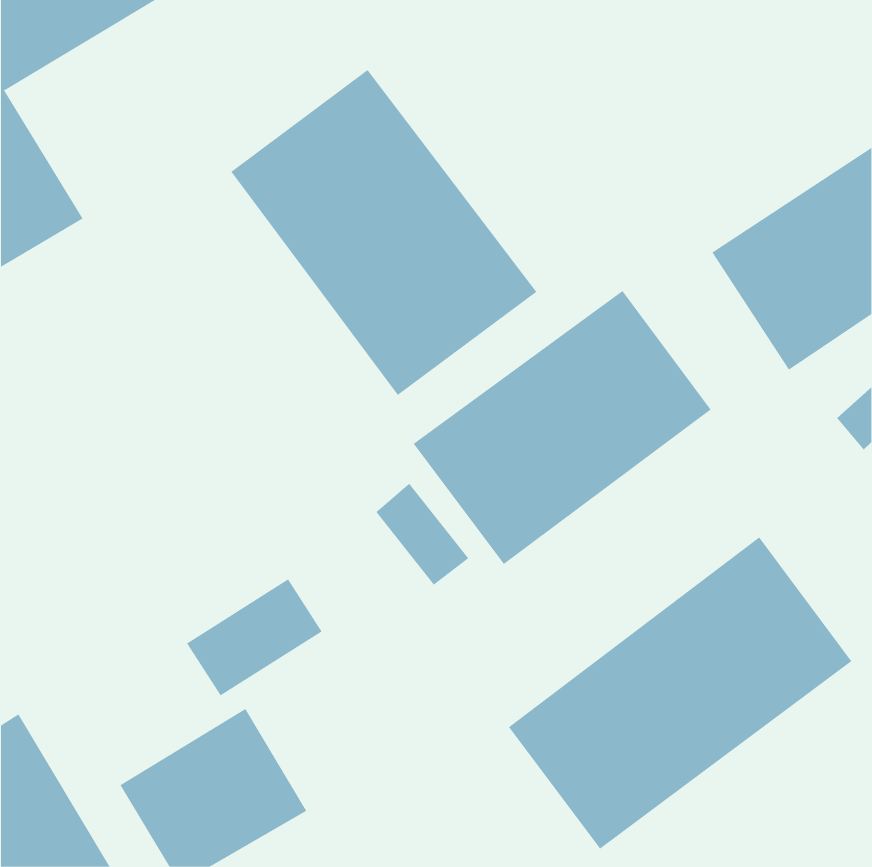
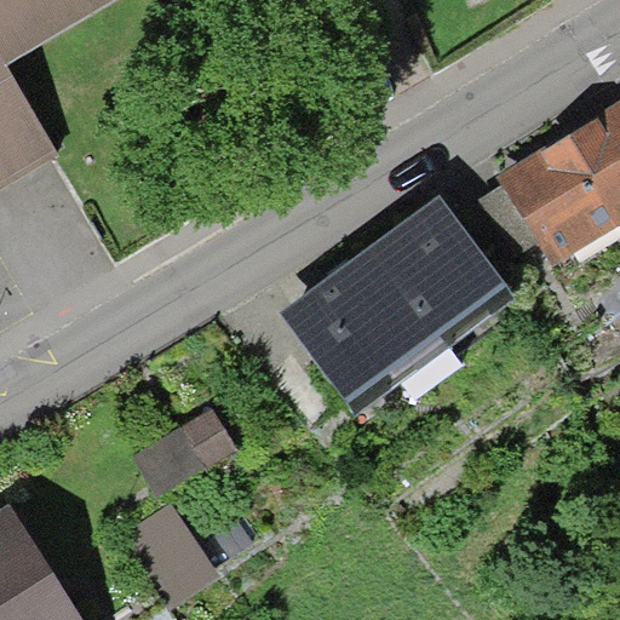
building: [230,69,537,396] -> none
building: [508,536,852,850] -> none

